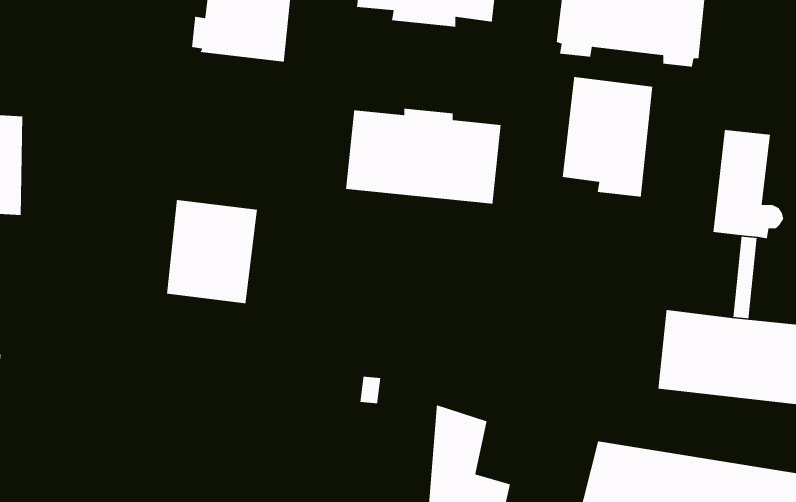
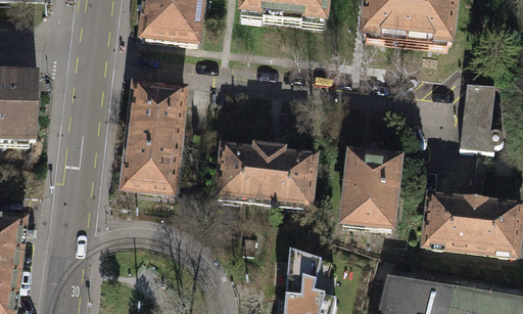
building: [562,76,653,198] -> [342,152,398,227]
building: [345,108,502,204] -> [218,144,314,204]
building: none -> [130,83,184,132]

